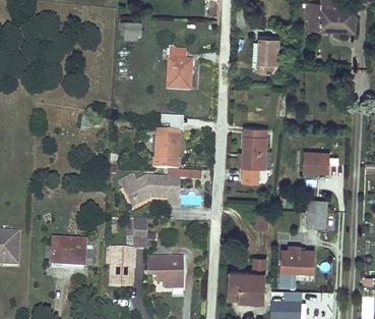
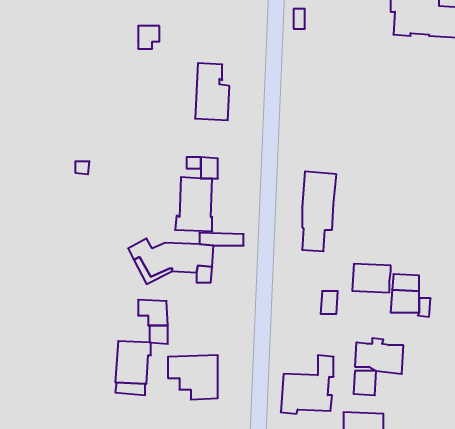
building: [258,34,279,71] -> none
building: [303,151,330,171] -> [352,264,391,292]
building: [52,240,85,266] -> none

